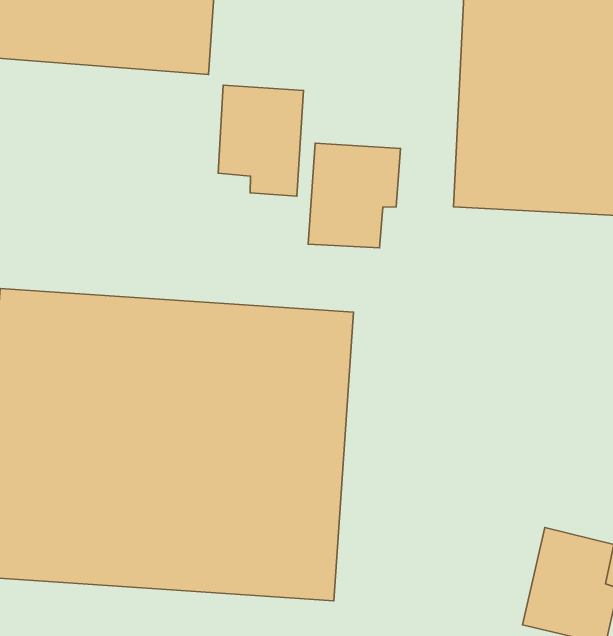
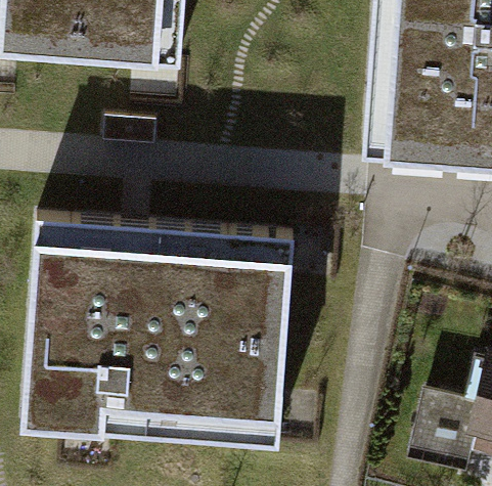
building: [218,85,304,196] -> none
building: [308,143,401,248] -> none

